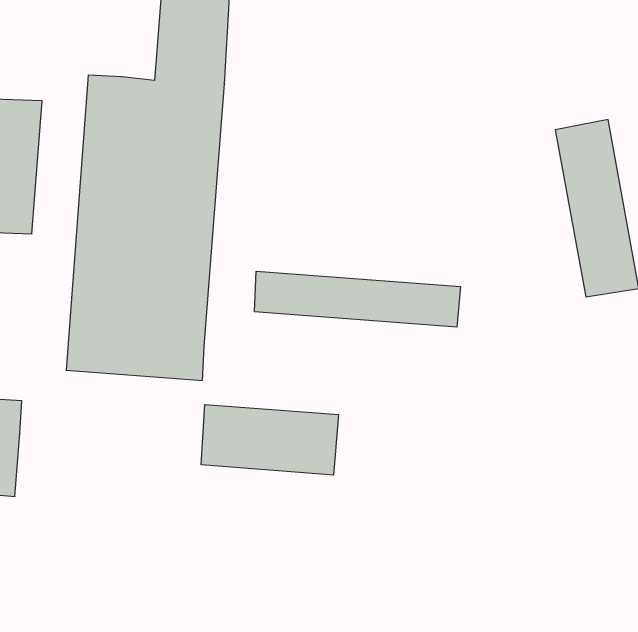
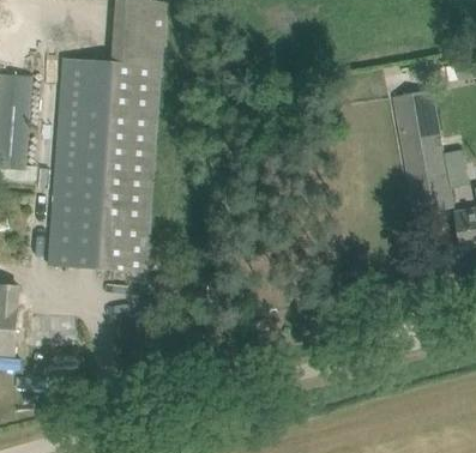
building: [255,271,461,327] -> none
building: [201,405,339,475] -> none

